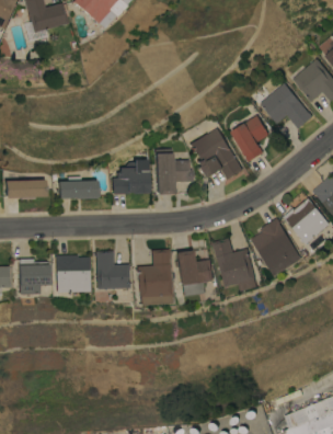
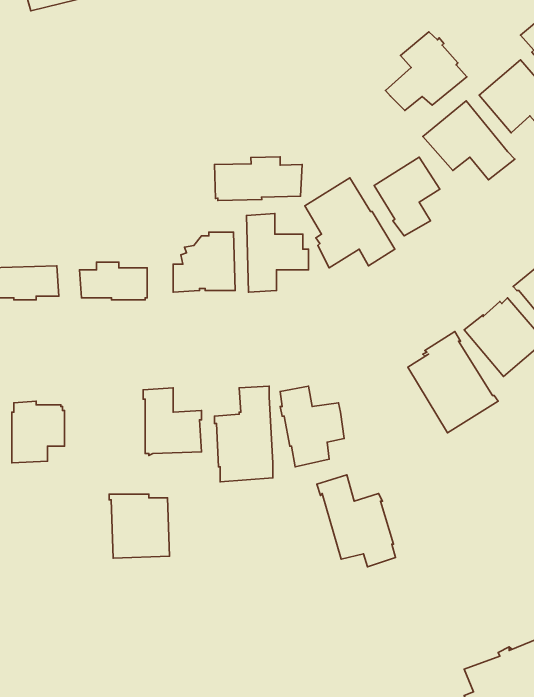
building: none -> [386,32,467,111]
building: none -> [215,157,302,200]
building: [211,238,257,292] -> [317,475,396,567]
building: [56,255,91,293] -> [109,494,169,558]

